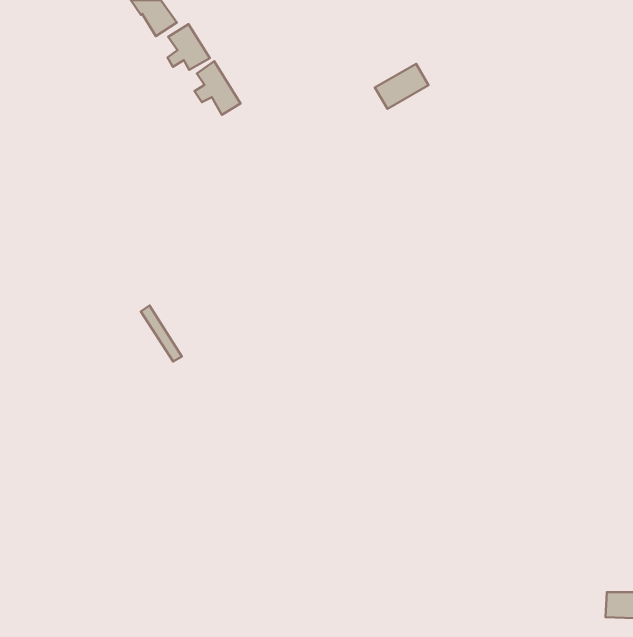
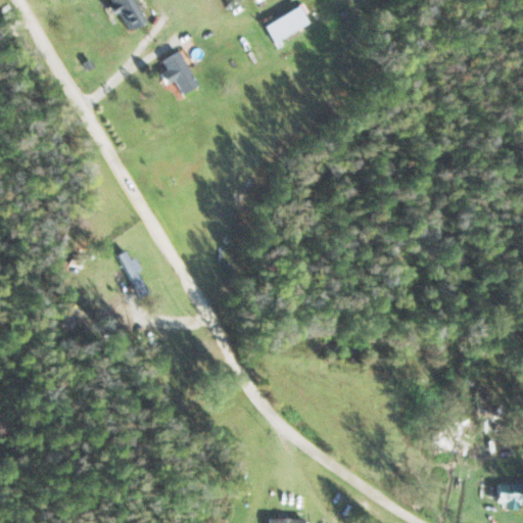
building: [167,24,210,70] -> none
building: [375,64,428,109] -> [267,5,311,42]

